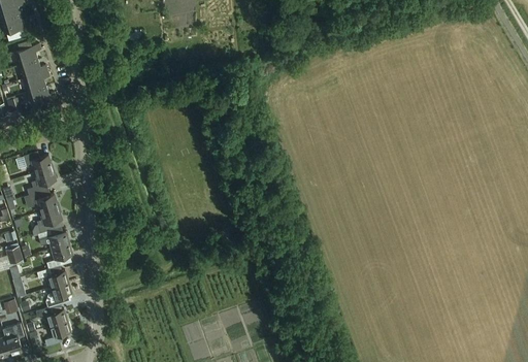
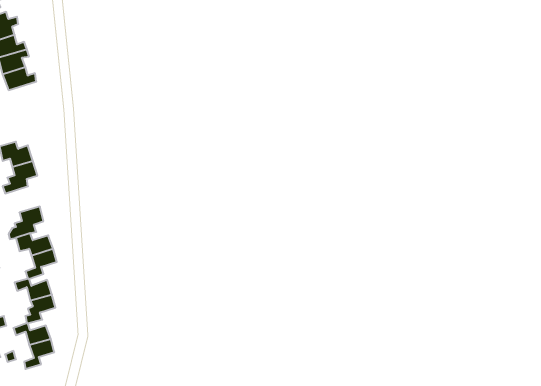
building: [29,189,59,211] -> none

